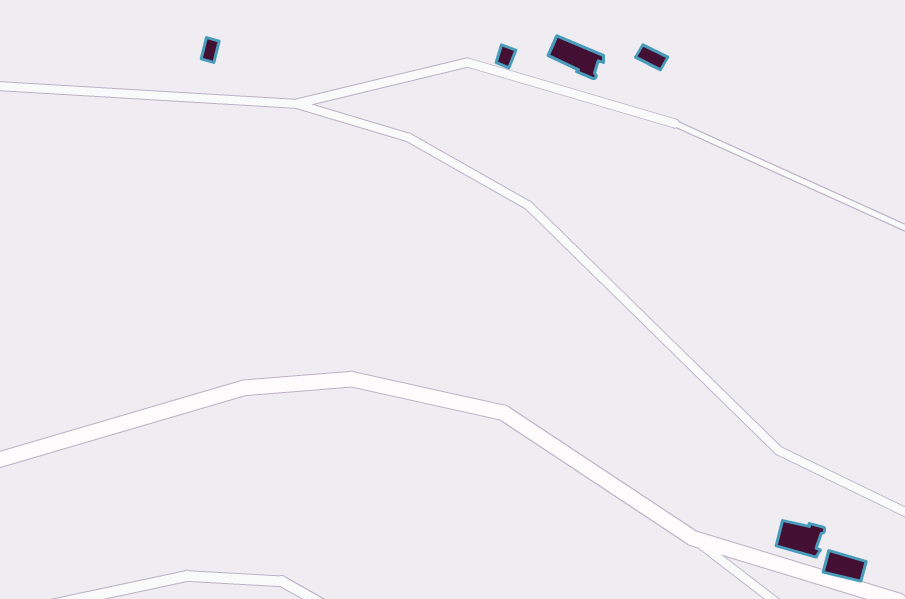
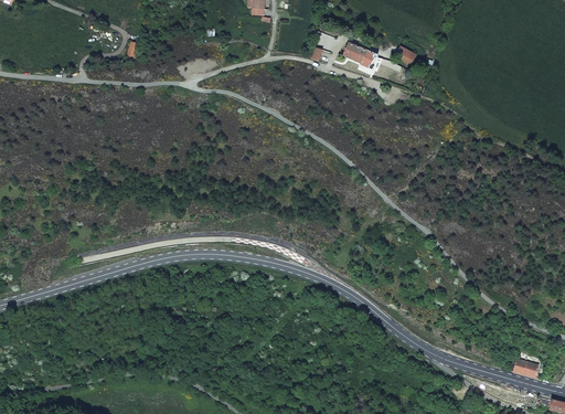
building: [776,521,824,557] -> none

